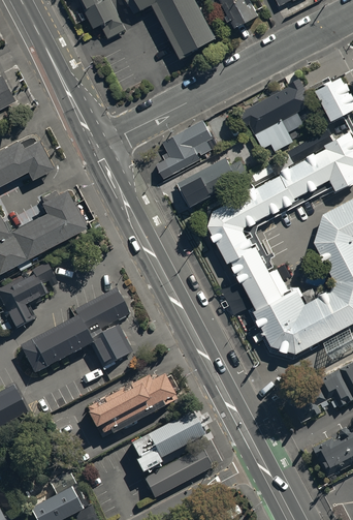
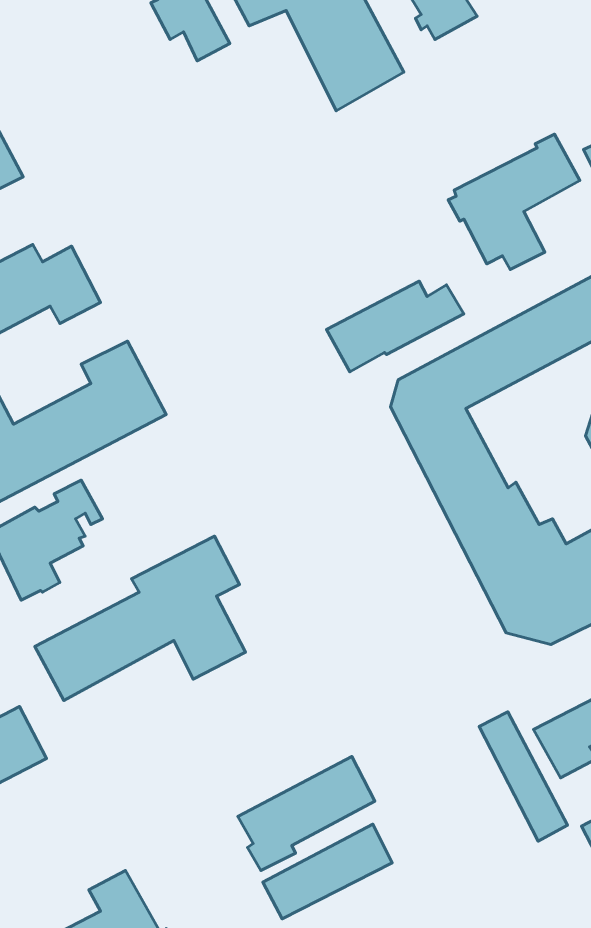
building: [156,120,213,179] -> none
building: [86,375,175,434] -> none
building: none -> [479,712,567,841]

